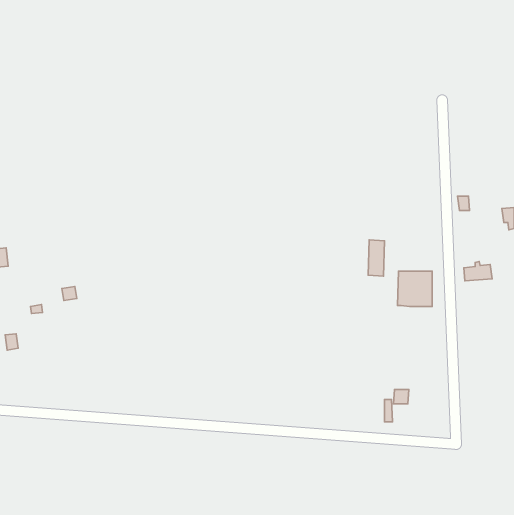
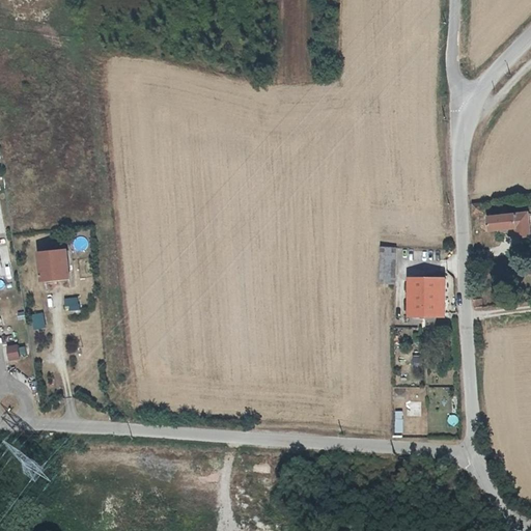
building: none -> [39,251,69,282]
building: [464,262,492,281] -> [487,211,516,230]

